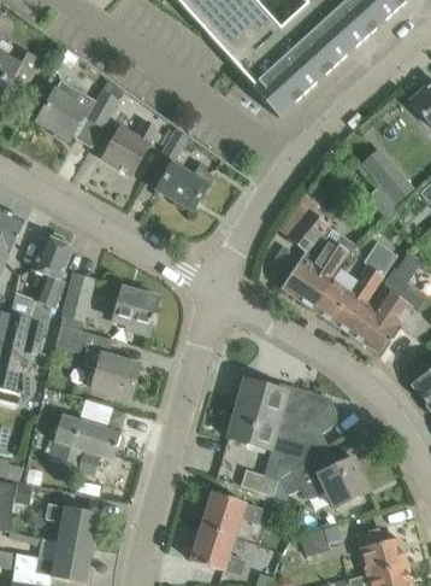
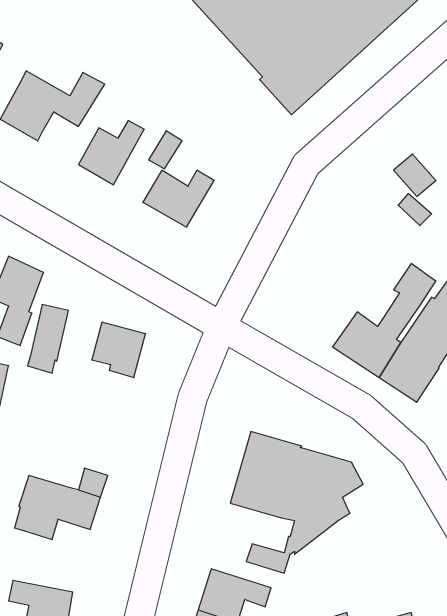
building: [281,211,356,307] -> none
building: [54,323,140,398] -> none
building: [281,451,368,506] -> none

